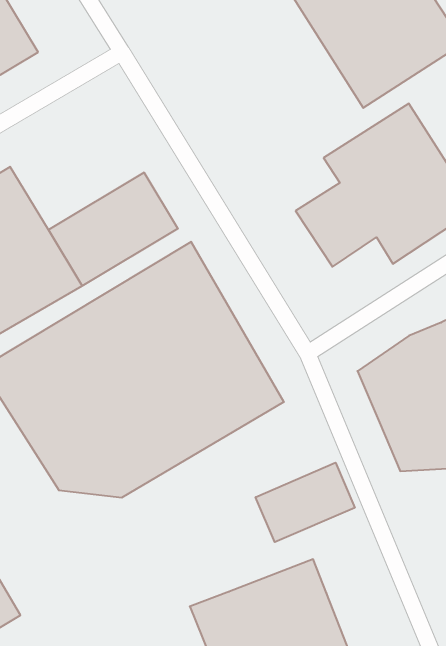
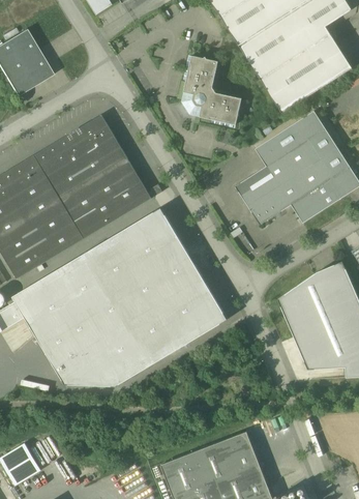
building: none -> [181,55,241,127]
building: none -> [33,114,127,199]
building: [256,463,355,542] -> none

